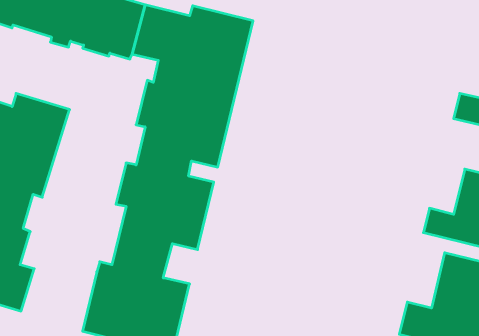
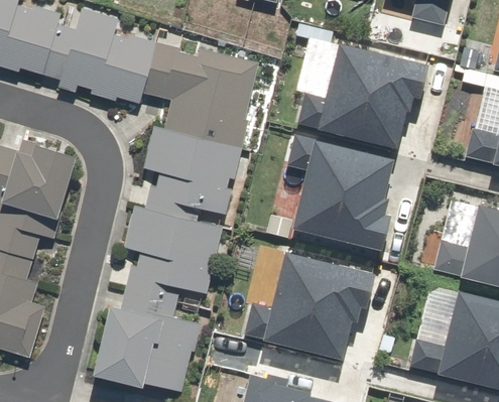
building: none -> [296,42,426,150]
building: none -> [287,136,393,253]
building: none -> [242,253,373,361]

